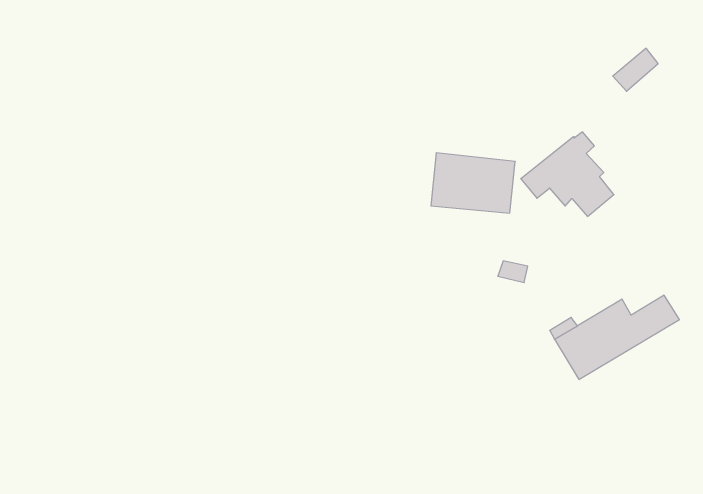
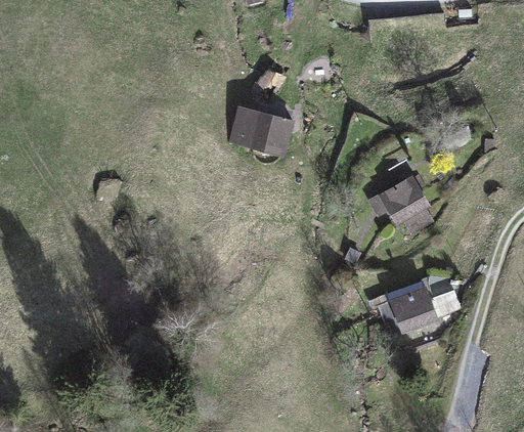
building: [431,153,515,213] -> [231,105,291,153]

